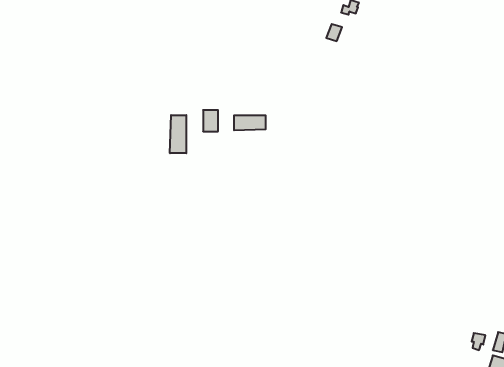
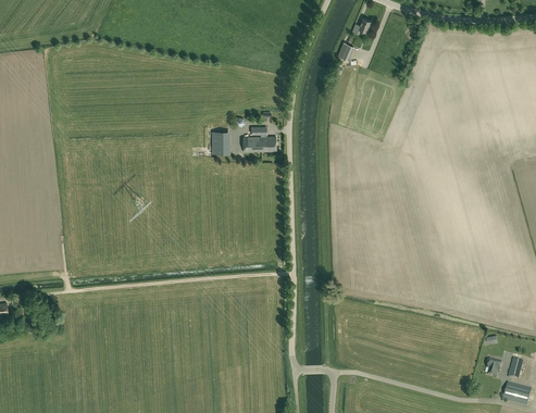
building: [170,115,186,153] -> none

